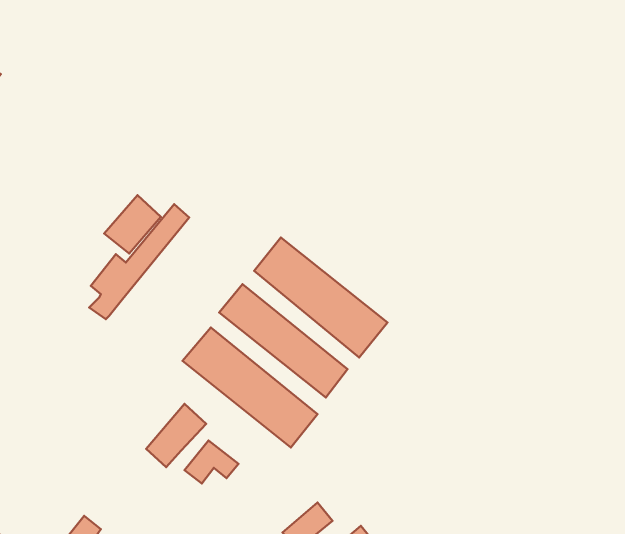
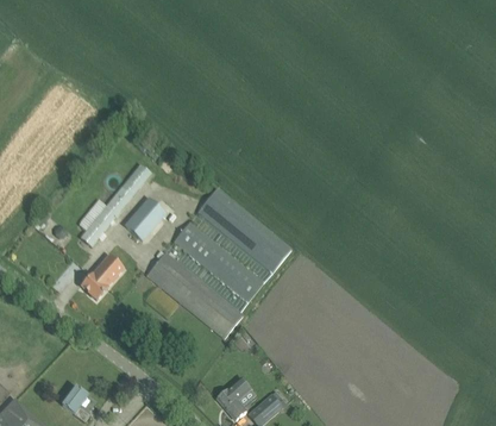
building: [104,195,161,253] -> [124,199,164,240]
building: [146,404,206,467] -> [81,255,124,300]
building: [185,440,238,483] -> none

